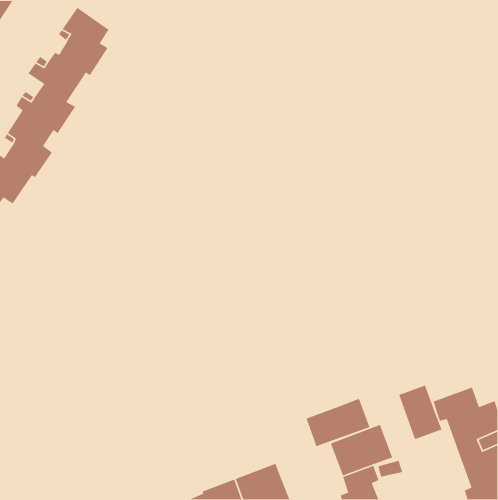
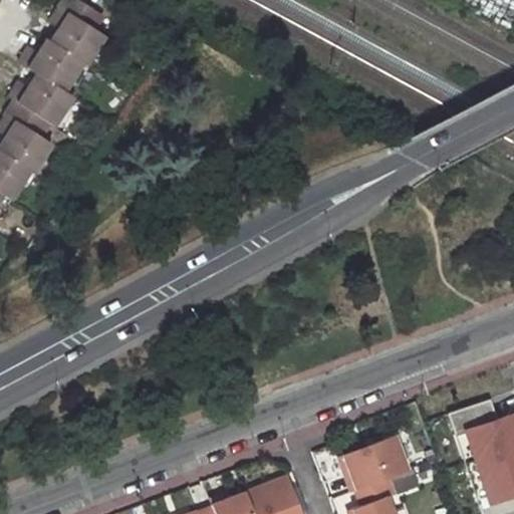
building: [398,385,442,440] -> none
building: [305,398,371,447] -> none

